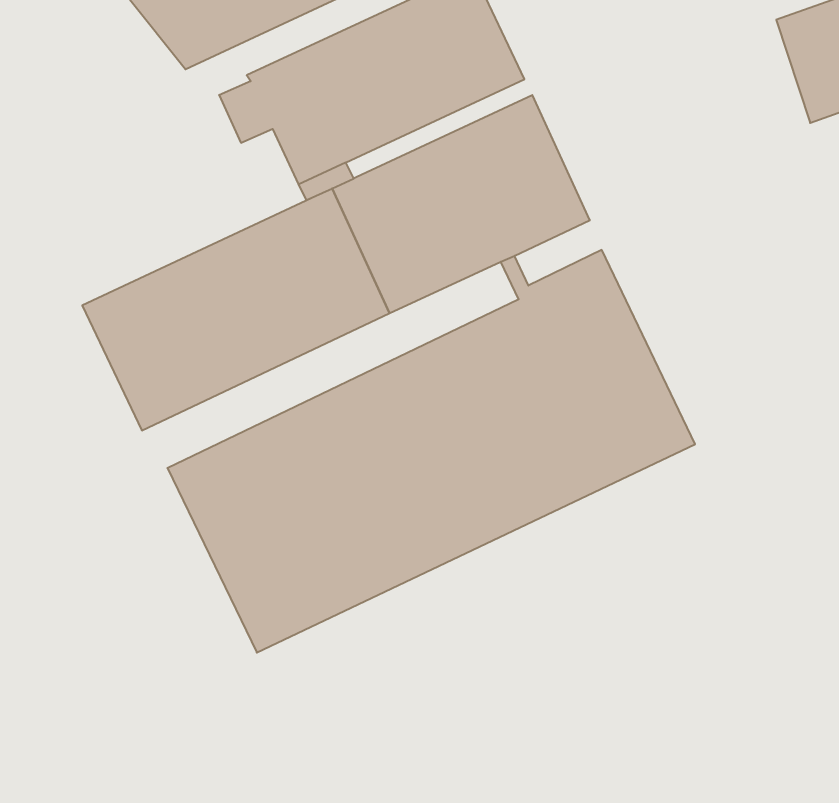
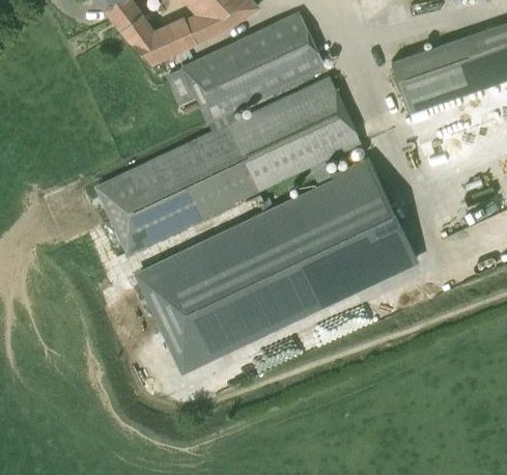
building: none -> [391,38,476,115]

